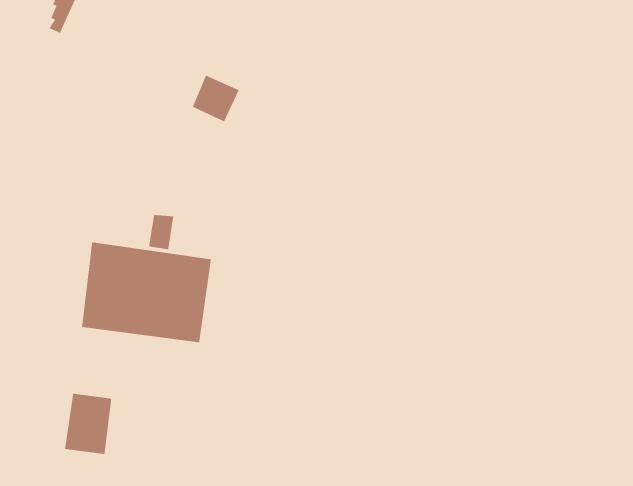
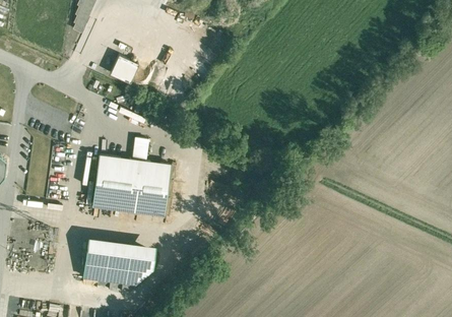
building: [192,74,240,122] -> [110,55,138,83]
building: none -> [107,247,153,284]

